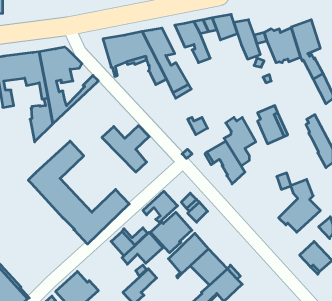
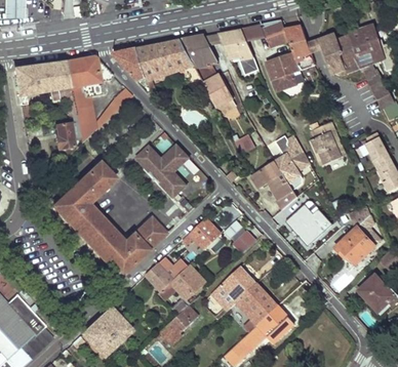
building: none -> [113,47,147,82]
building: none -> [267,53,301,91]
building: none -> [288,202,333,242]
building: [150,212,192,253] -> none

